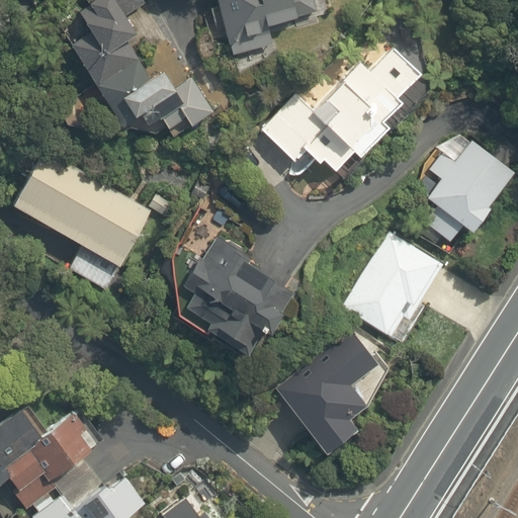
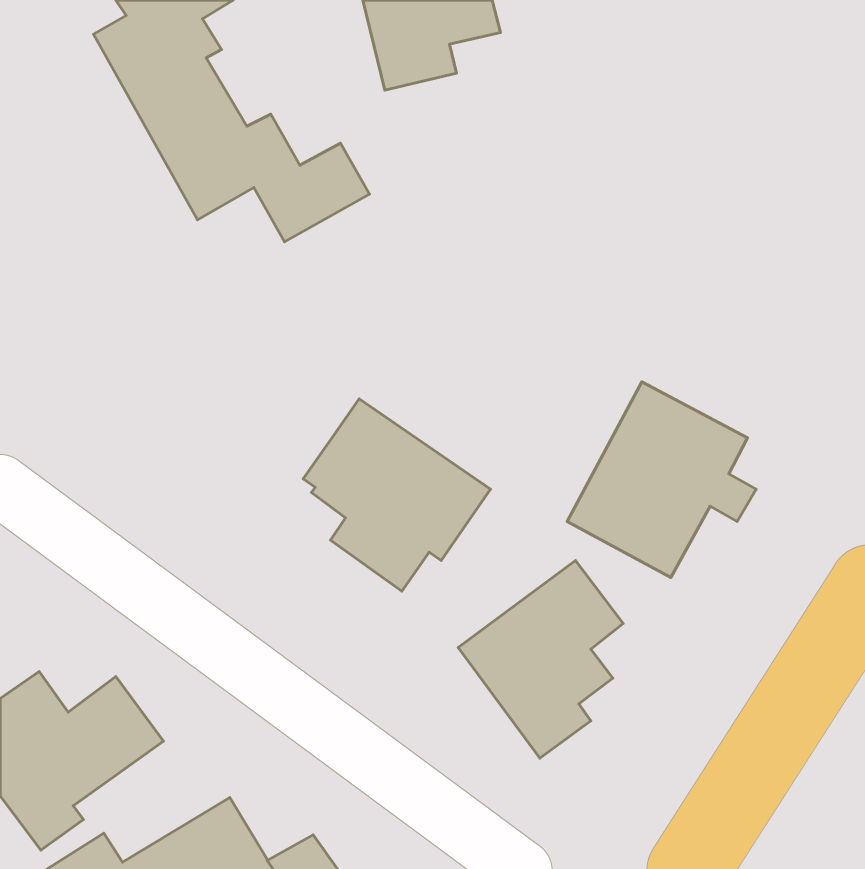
building: [254,41,434,180] -> none
building: [424,135,511,240] -> none
building: [8,149,152,287] -> none

